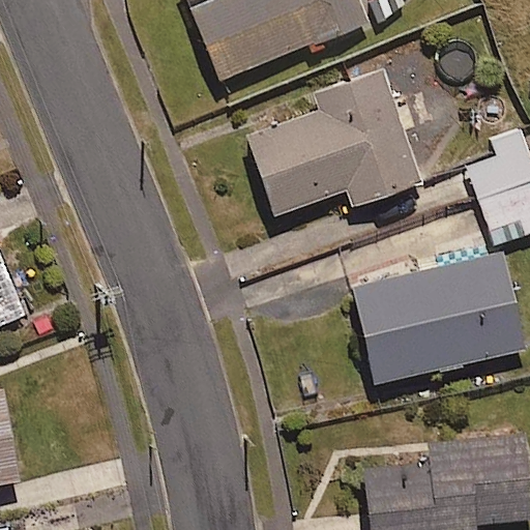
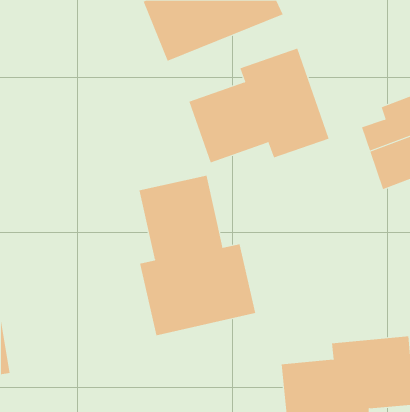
building: none -> [139,175,256,336]
building: [351,252,525,384] -> none

